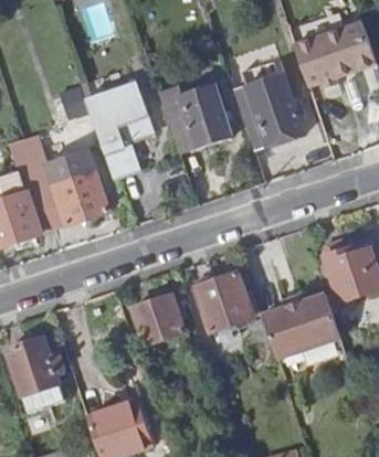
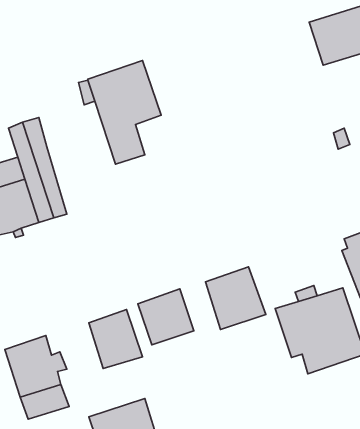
building: [234,68,305,149] -> none
building: [158,76,233,152] -> none
building: [46,148,109,224] -> none
building: none -> [89,309,142,368]

